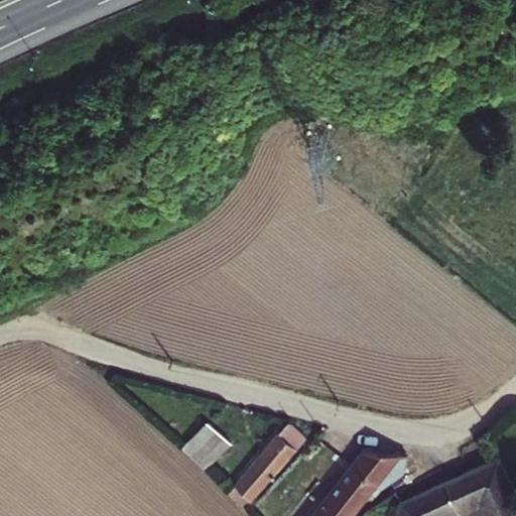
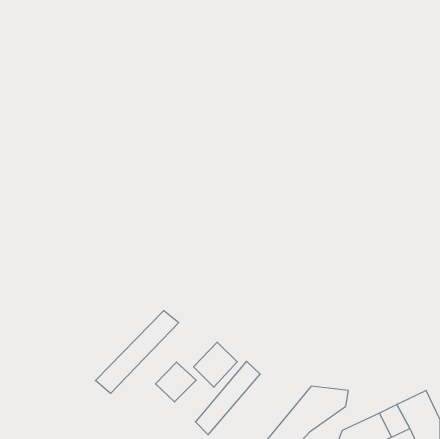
building: none -> [95,310,179,394]
building: none -> [194,342,237,387]

